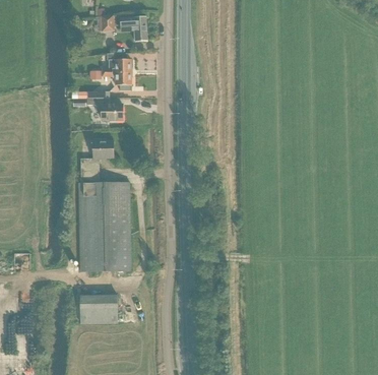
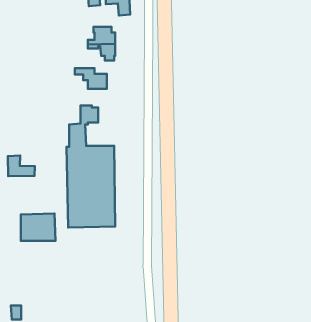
building: none -> [8,155,35,176]
building: [79,295,117,324] -> [21,214,55,241]

